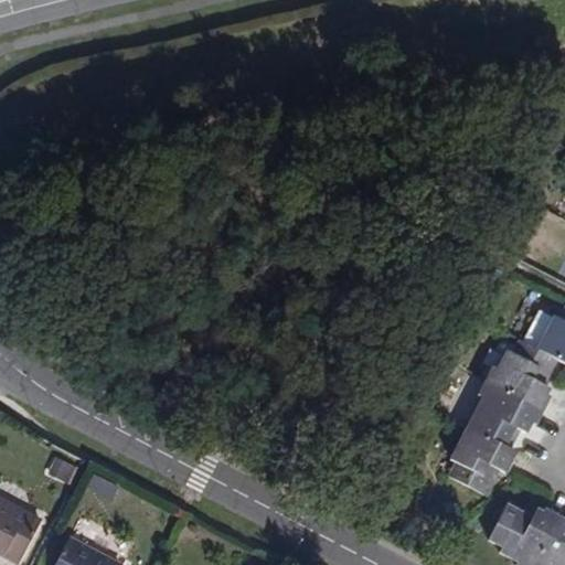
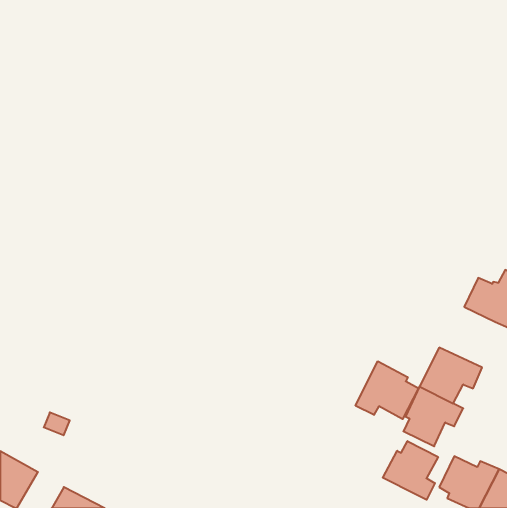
building: [489,339,551,407] -> none
building: none -> [356,361,419,419]
building: none -> [383,441,438,500]

